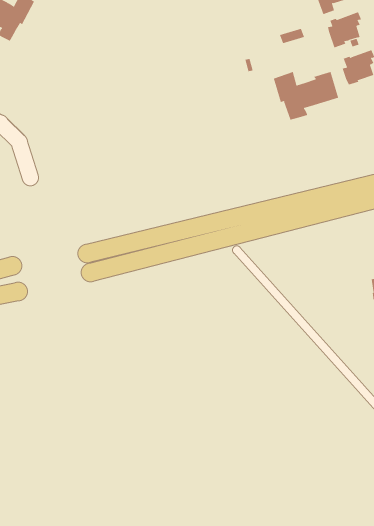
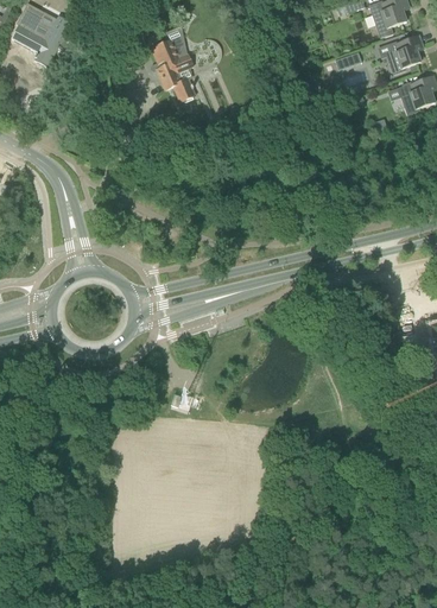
building: none -> [151,26,195,100]
building: [273,71,339,121] -> none

